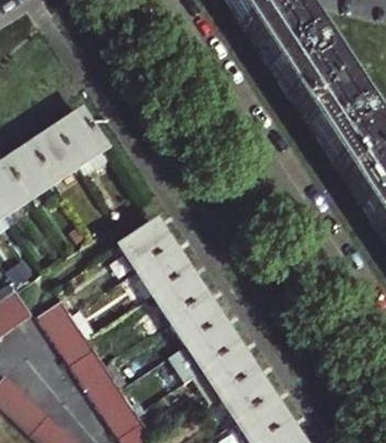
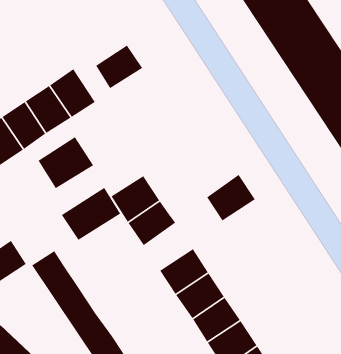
building: none -> [95,44,143,89]
building: none -> [37,136,94,189]
building: none -> [61,187,121,241]
building: [155,271,206,320] -> [206,174,256,222]

